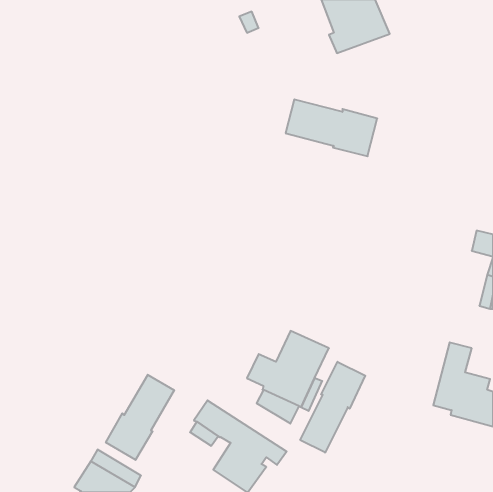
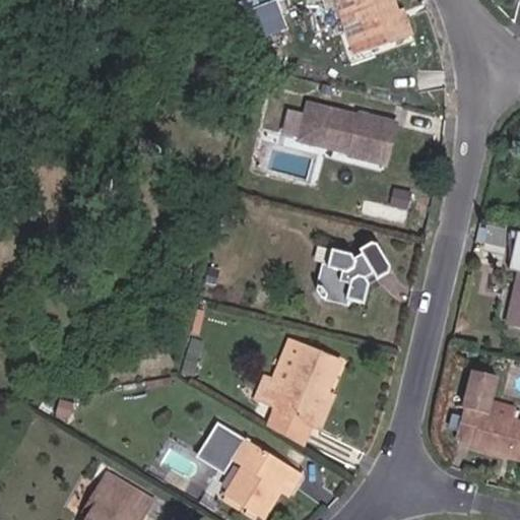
building: none -> [314,238,391,300]
building: [300,362,365,453] -> none
building: [106,375,174,460] -> none

